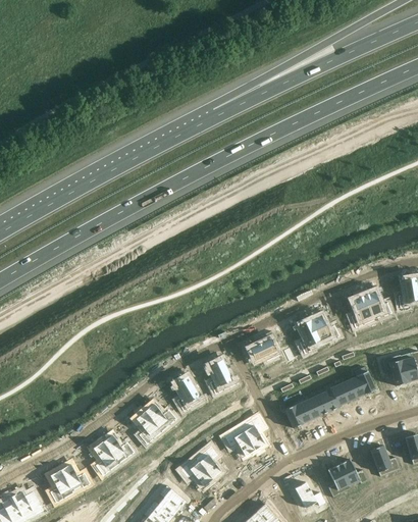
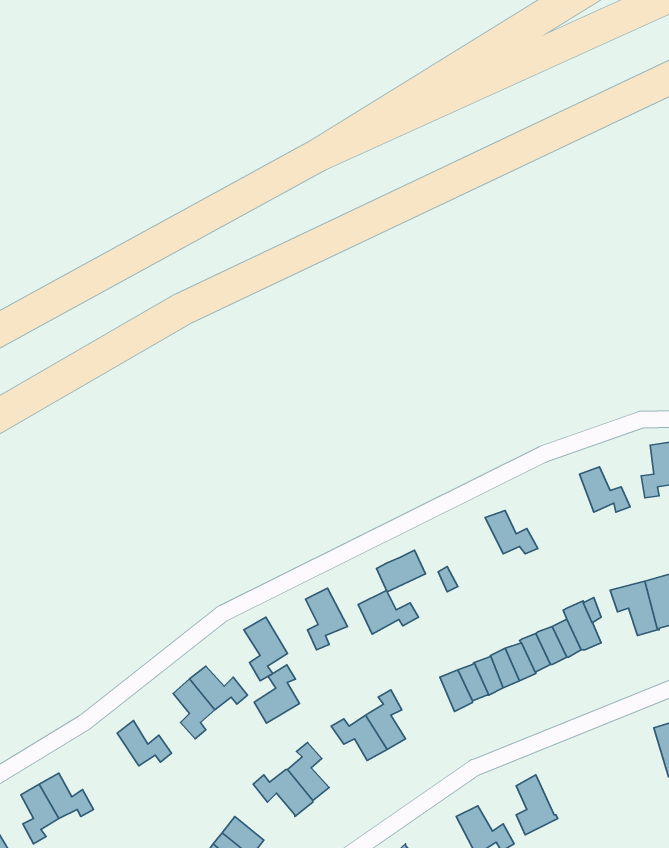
building: [350,295,370,327] -> none
building: [298,319,319,354] -> none
building: none -> [358,590,419,634]
building: none -> [254,665,299,723]
building: [91,440,115,475] -> none
building: [369,445,399,476] -> none
building: [337,459,367,486] -> none

